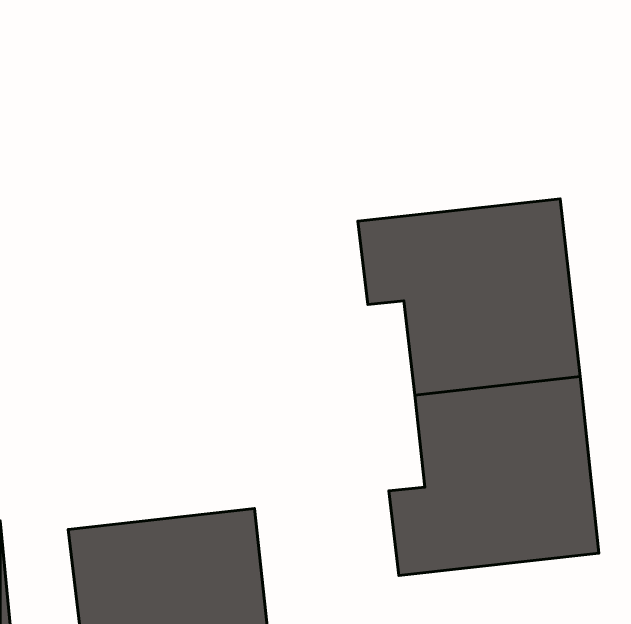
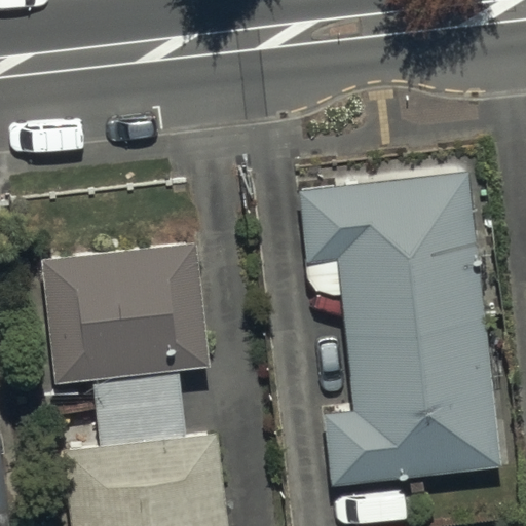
building: none -> [42,247,209,384]

